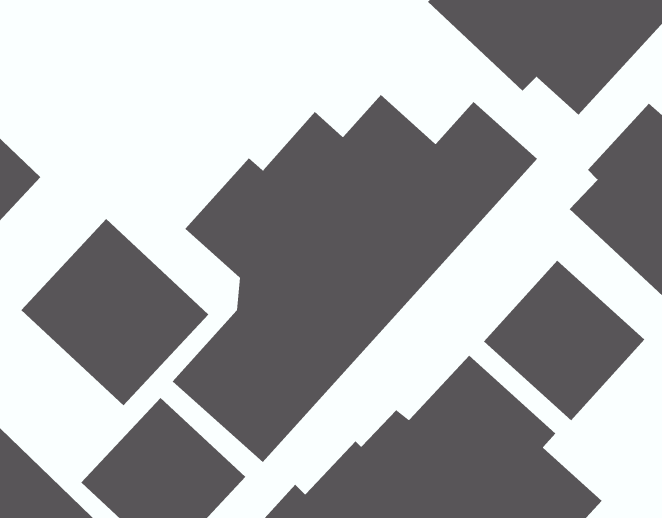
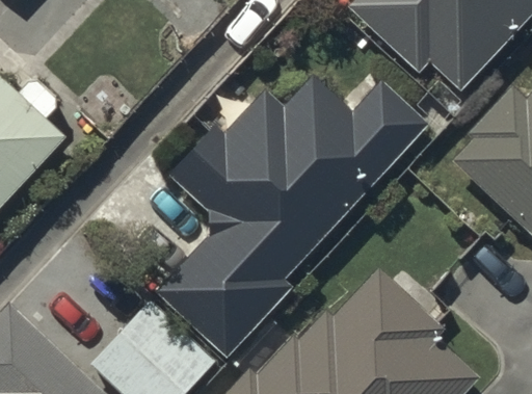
building: [20,218,209,406] -> none
building: [483,260,645,421] -> none

